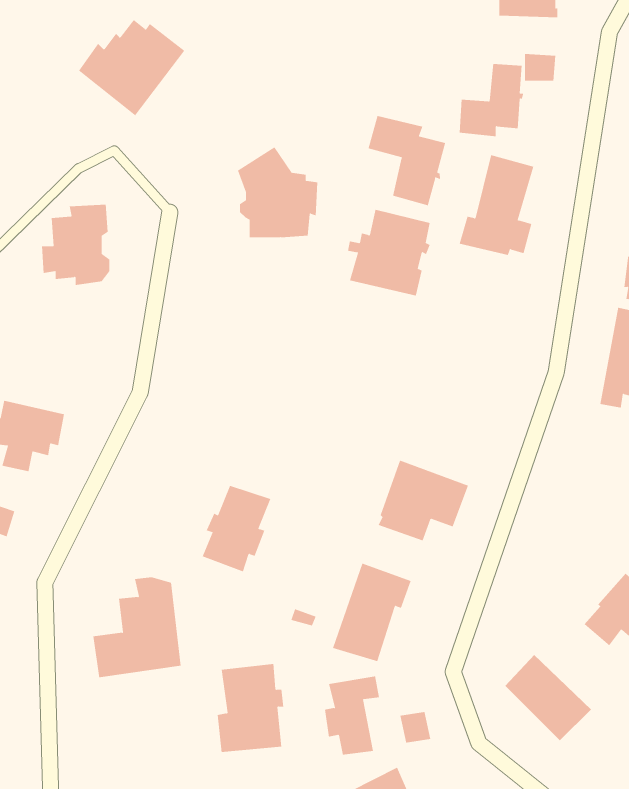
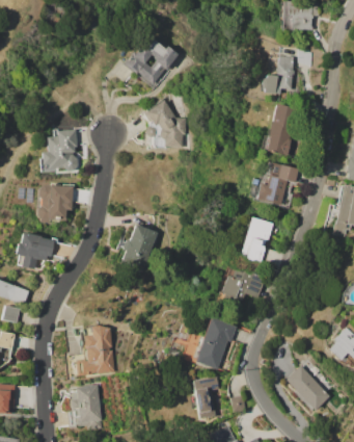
building: [78,19,185,116] -> [122,36,179,87]
building: [368,115,446,206] -> none
building: [347,209,430,296] -> [253,161,297,207]
building: none -> [36,184,72,223]
building: none -> [241,216,283,267]
building: [202,485,271,572] -> [120,225,157,270]
building: [217,663,284,753] -> [67,384,103,431]

